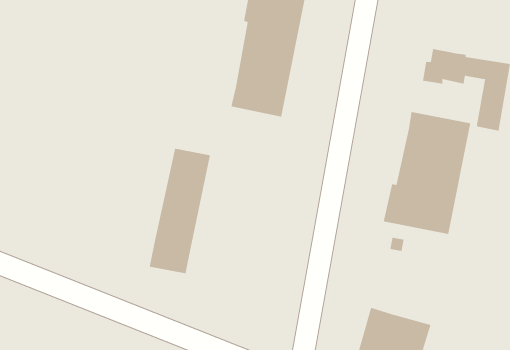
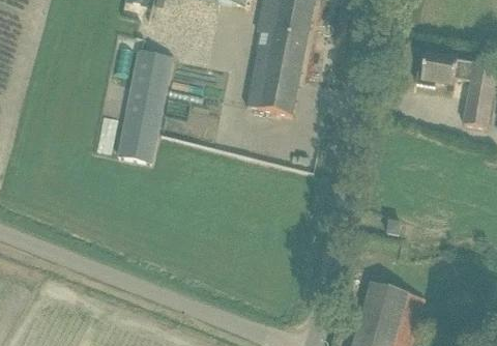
building: [383,111,471,235] -> none
building: [149,148,211,274] -> [117,49,172,161]

